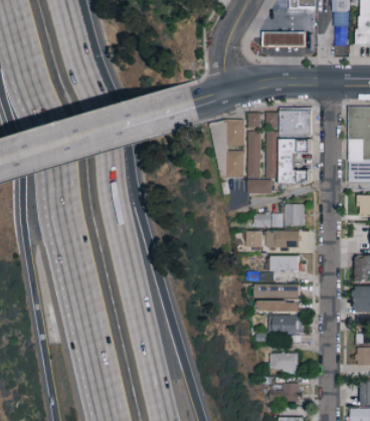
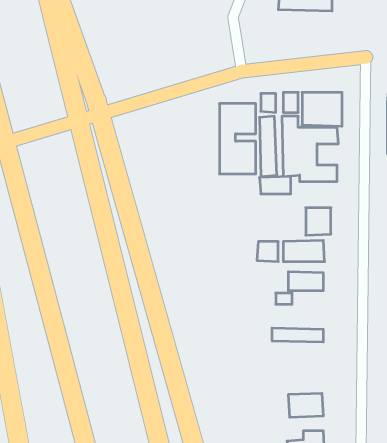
building: [253,213,283,227] -> none
building: [252,283,299,298] -> none
building: [267,314,303,334] -> none

